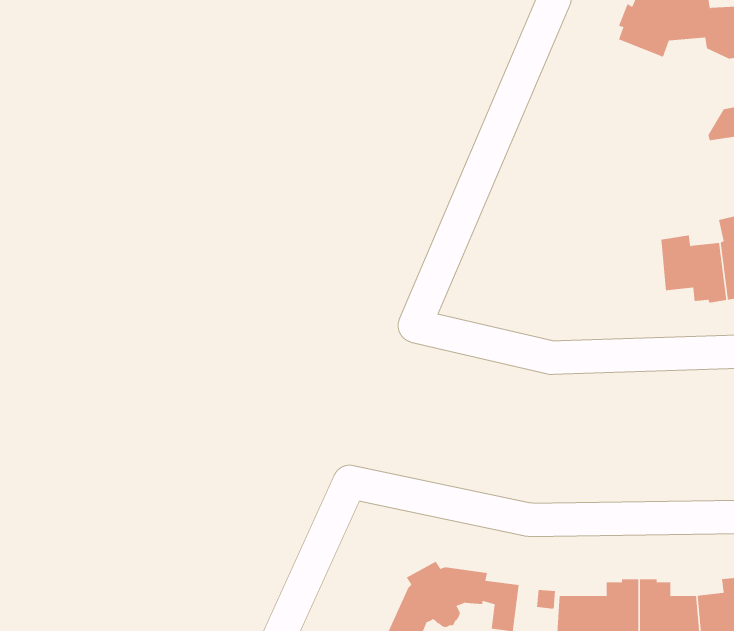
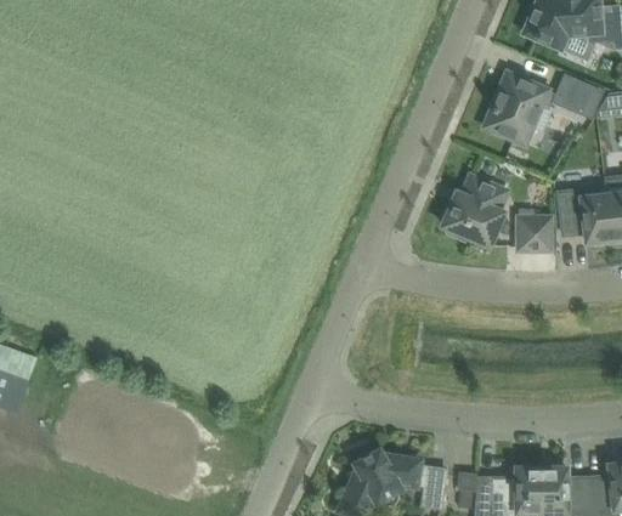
building: none -> [487,75,601,143]
building: none -> [442,176,507,245]
building: none -> [519,217,550,246]

